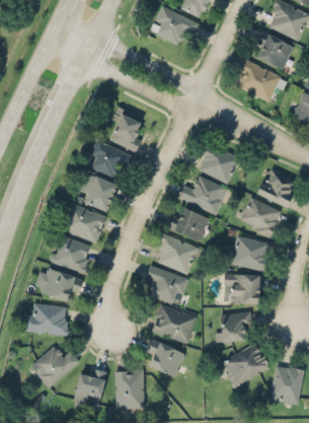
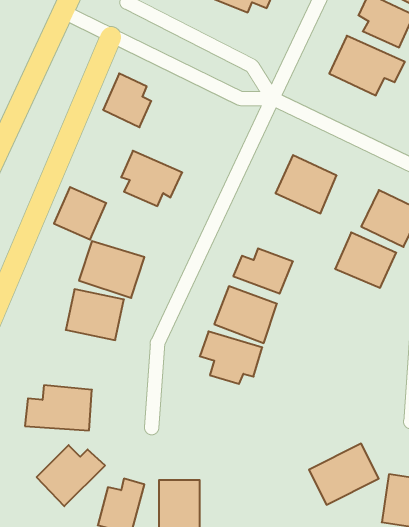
building: [109,114,143,151] -> [103,73,151,127]
building: [81,174,118,211] -> [54,187,106,240]
building: [179,177,222,213] -> none
building: [231,235,269,270] -> none
building: [35,268,82,299] -> none
building: [224,274,259,302] -> none
building: [151,304,196,343] -> none
building: [218,312,250,342] -> none
building: [146,339,184,376] -> none

